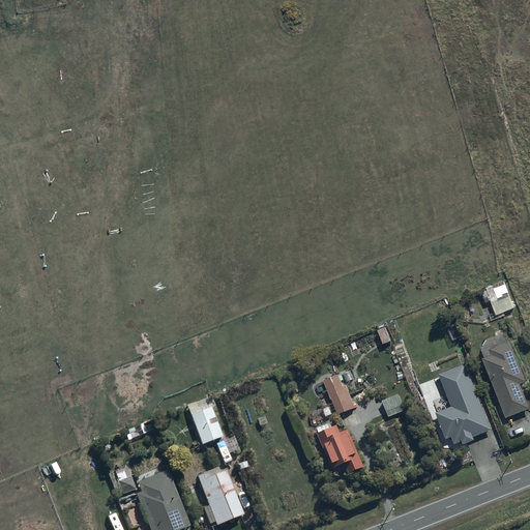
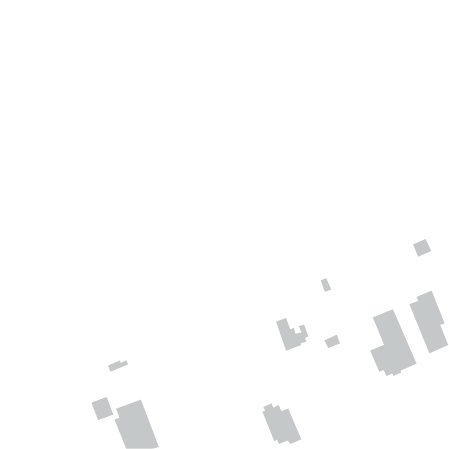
building: [187,396,222,443] -> none
building: [316,422,363,472] -> [262,403,302,445]
building: [196,470,241,525] -> none

